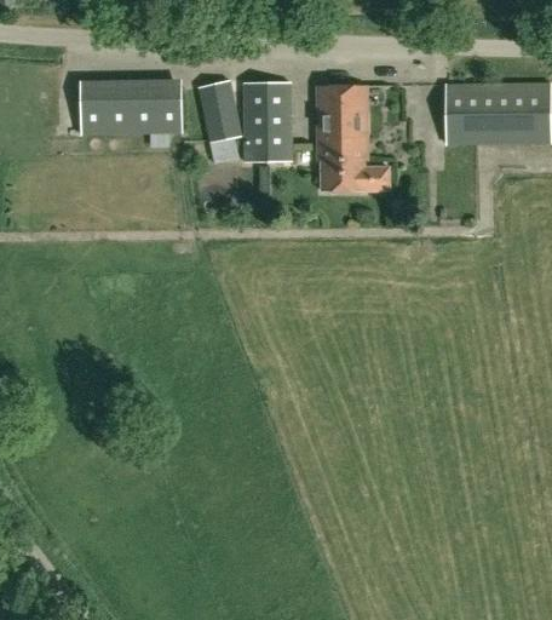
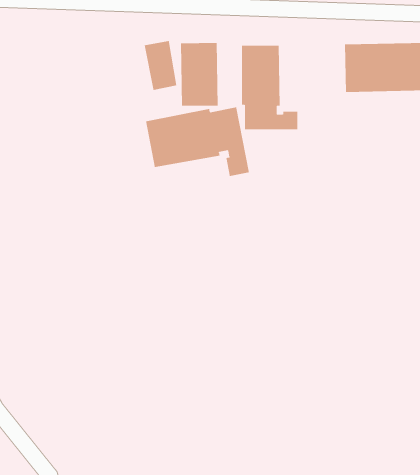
building: [80,78,179,133] -> none
building: none -> [145,107,250,177]

